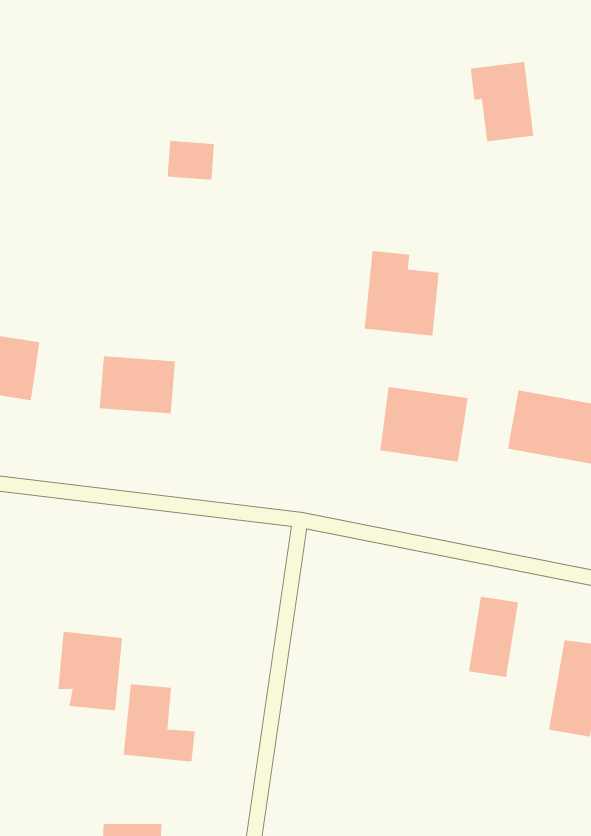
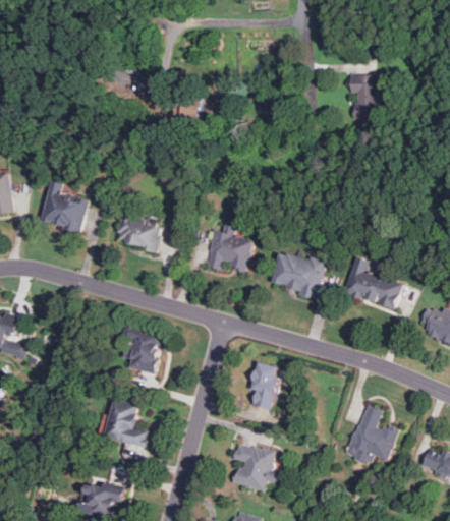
building: [364,250,440,336] -> [206,222,252,275]
building: [468,596,519,677] -> [247,361,281,409]
building: [57,631,123,711] -> [122,326,163,374]
building: none -> [233,444,278,490]

